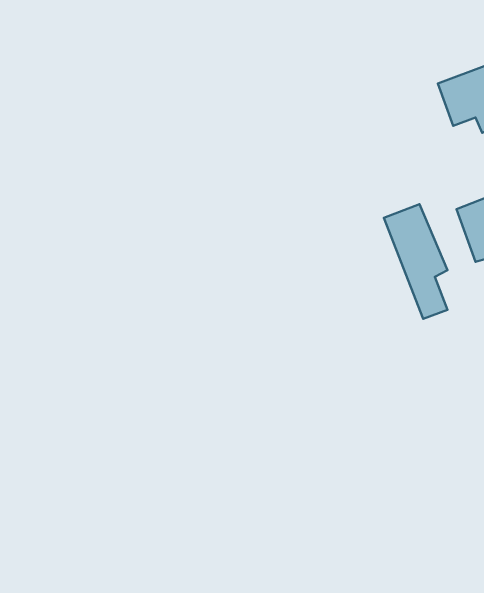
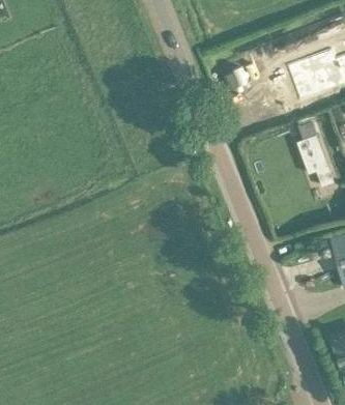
building: [384,204,448,319] -> none

